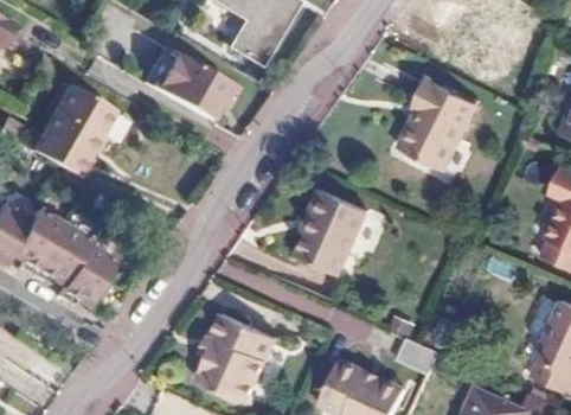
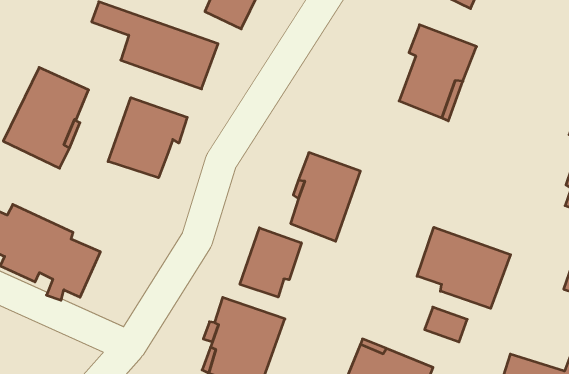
building: none -> [108,98,187,178]
building: none -> [240,228,301,297]
building: none -> [417,227,511,308]

